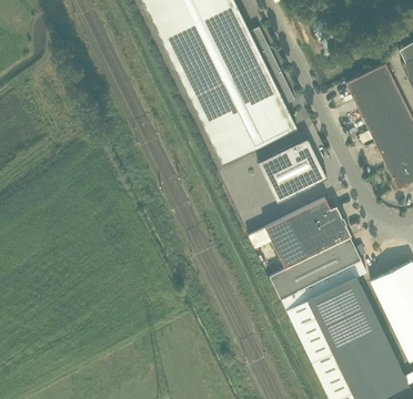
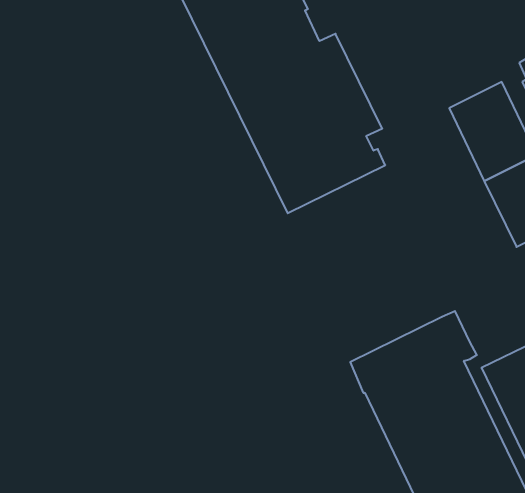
building: [259,141,328,203] -> none
building: [265,198,352,268] -> none

